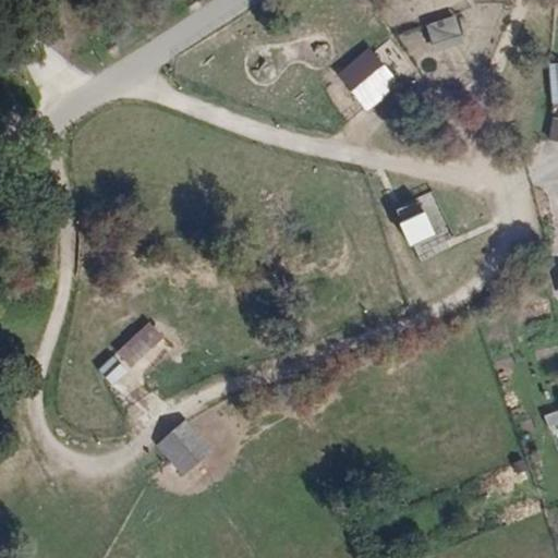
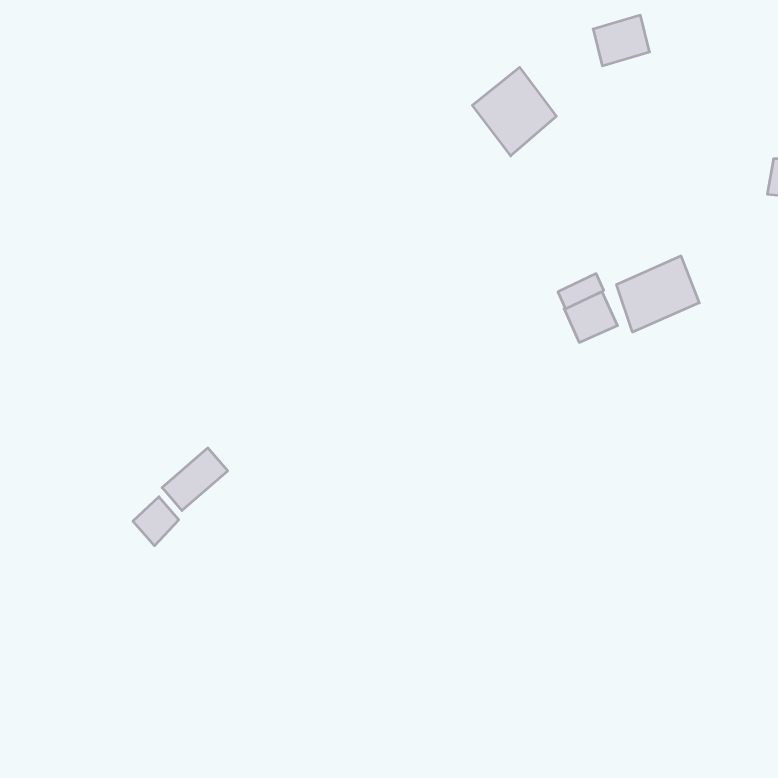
building: none -> [617,256,699,332]
building: [156,418,215,475] -> none

